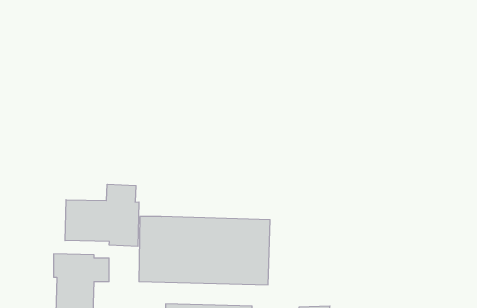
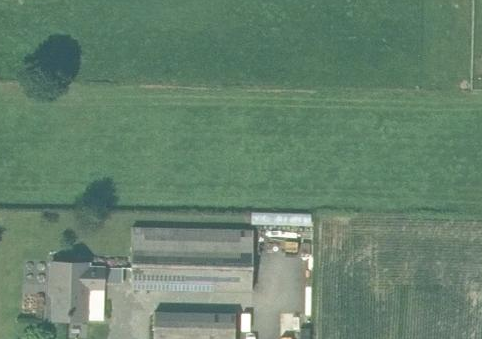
building: [65,184,139,246] -> none

